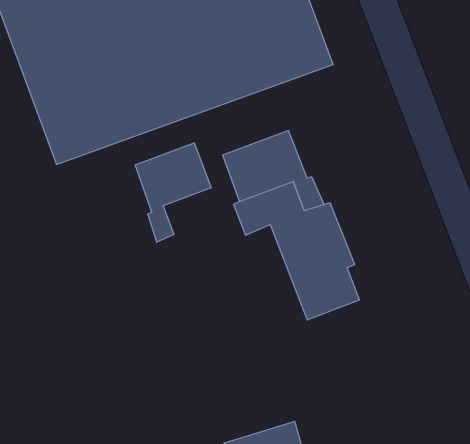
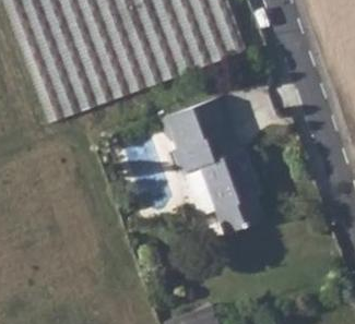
building: [135,143,211,242] -> none

